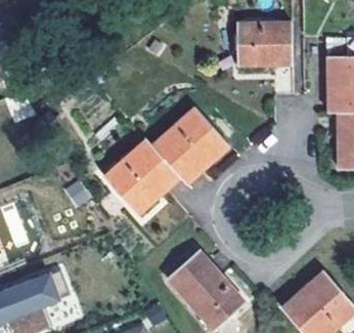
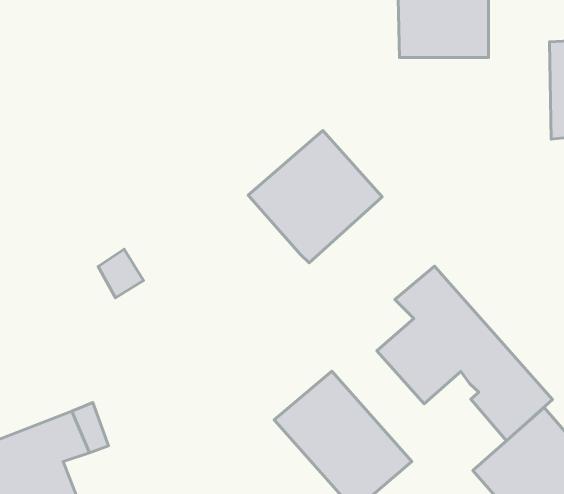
building: [103,138,182,216] -> none
building: none -> [377,266,553,441]

